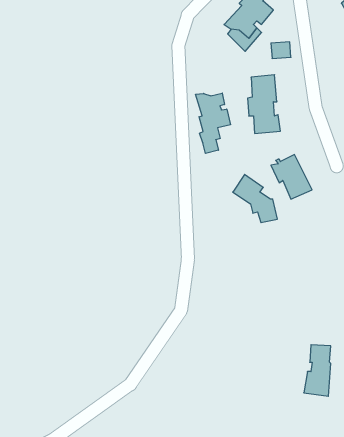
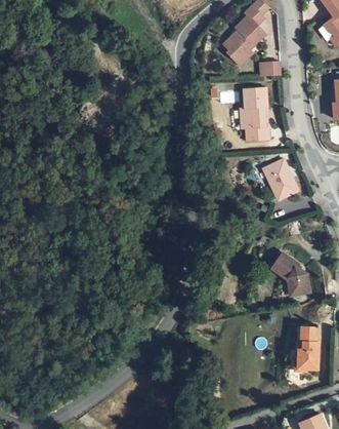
building: [196,93,230,153] -> none
building: [233,174,277,223] -> [271,252,310,295]

